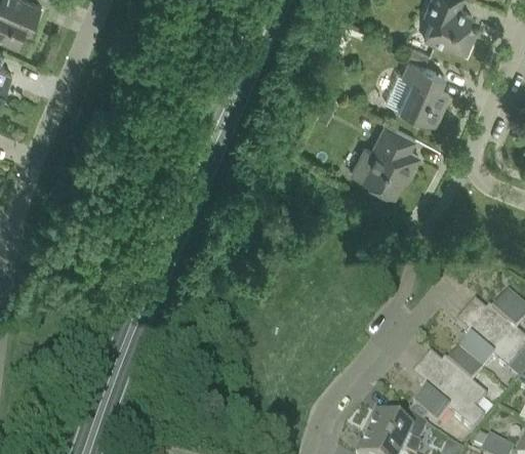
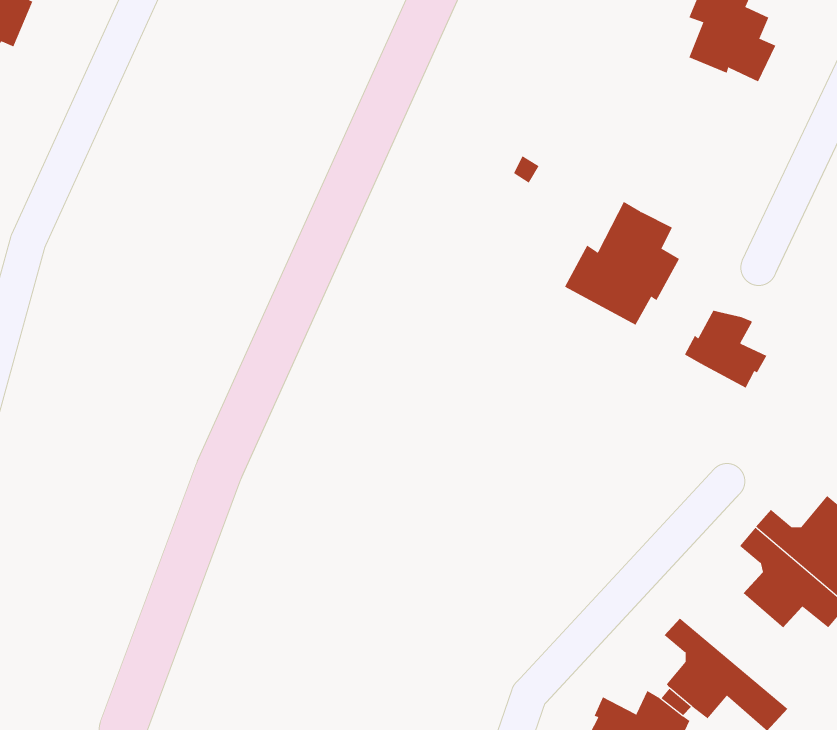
building: [386,61,449,126] -> none
building: none -> [684,310,767,389]
building: [419,354,485,421] -> none

